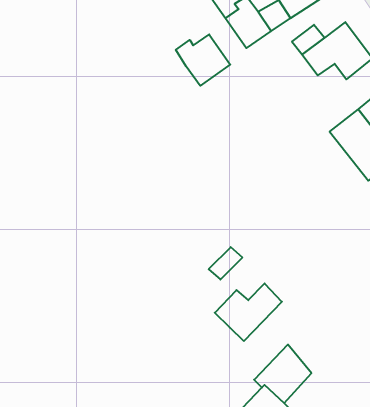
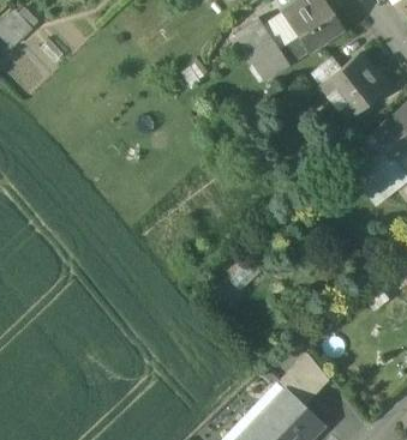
building: [176,34,230,86] -> none
building: [215,283,282,341] -> none

